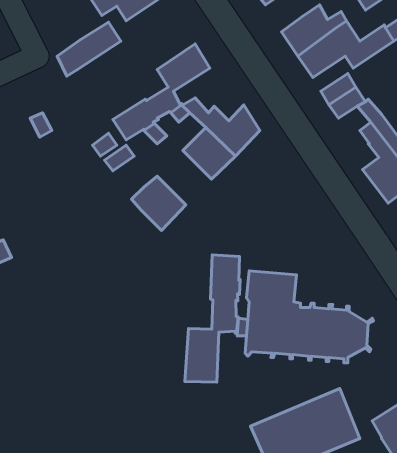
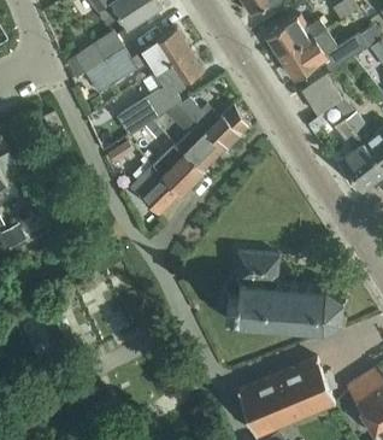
building: none -> [84,28,189,94]
building: none -> [155,145,204,193]
building: [185,255,240,382] -> none

